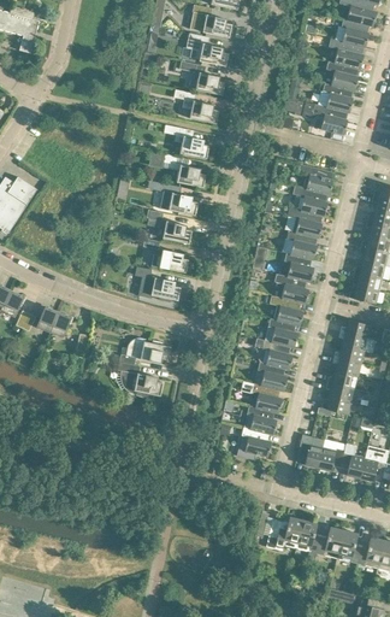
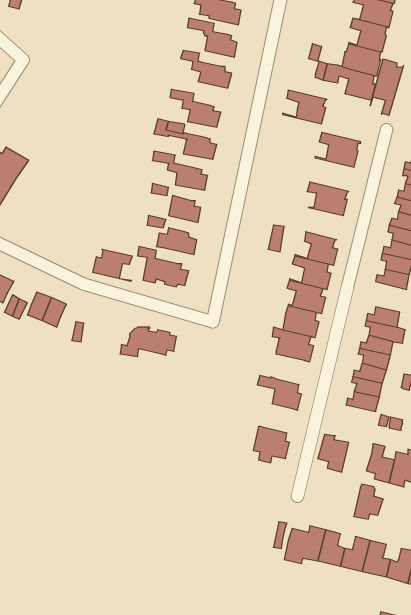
building: none -> [370,59,404,115]
building: [289,186,329,216] -> [283,90,327,124]
building: [285,230,319,259] -> none
building: none -> [93,249,132,281]
building: [118,362,162,399] -> none
building: [258,362,288,390] -> none
building: [244,405,277,434] -> none
building: [318,439,344,470] -> [354,484,383,519]

